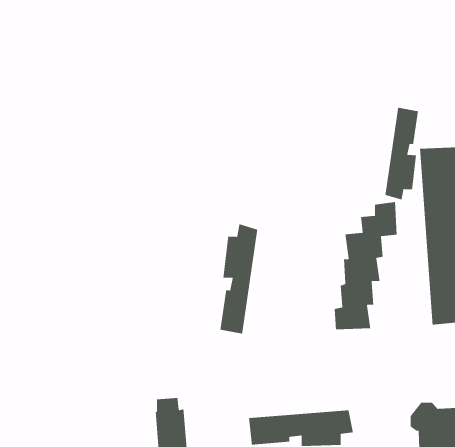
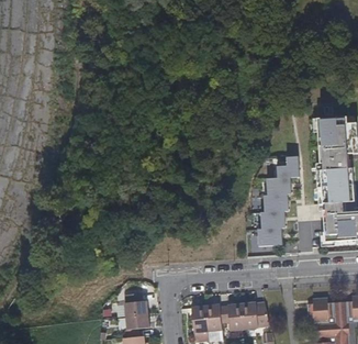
building: [384,107,419,201] -> none
building: [220,223,258,335] -> none

